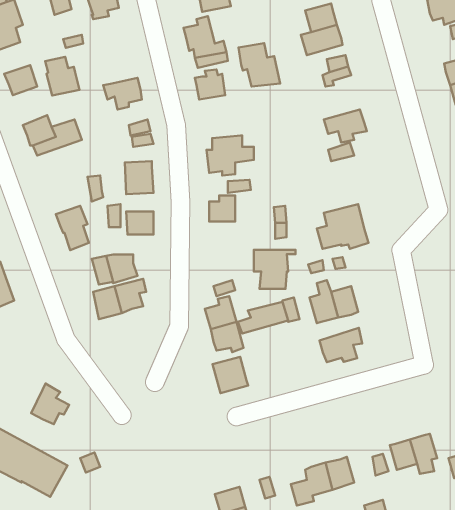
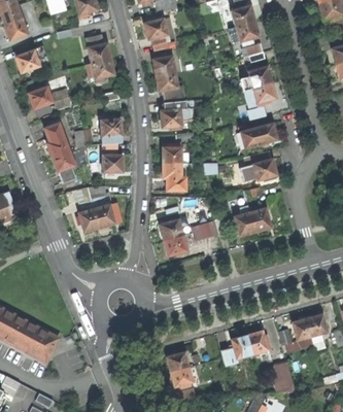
building: [238,43,280,86] -> [155,71,184,102]
building: [45,57,80,95] -> [85,35,110,63]
building: none -> [240,65,270,89]
building: none -> [43,122,69,157]
building: none -> [237,123,276,148]
building: [254,250,295,289] -> [162,162,192,190]
building: [319,328,362,362] -> none
building: [212,357,248,393] -> none
building: [31,384,69,424] -> none

